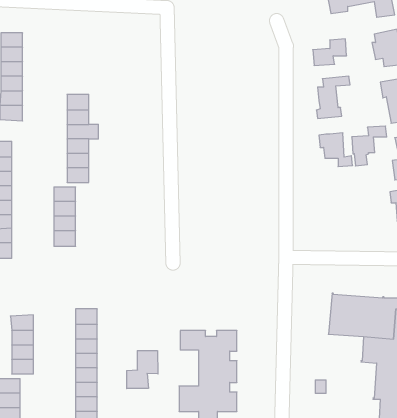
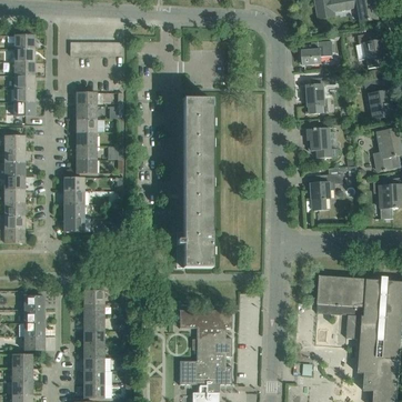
building: none -> [175,98,211,267]
building: [352,126,387,166] -> [311,173,343,210]
building: [127,351,158,389] -> none

